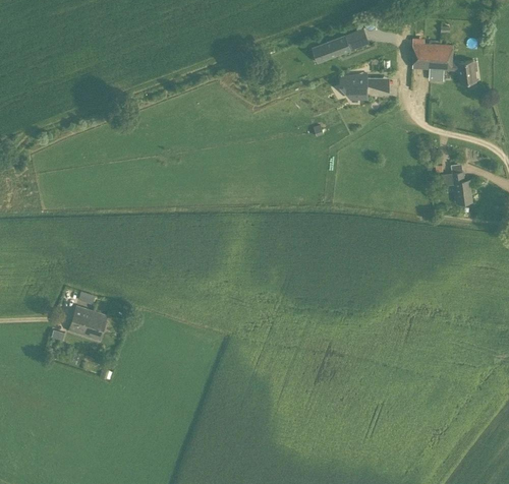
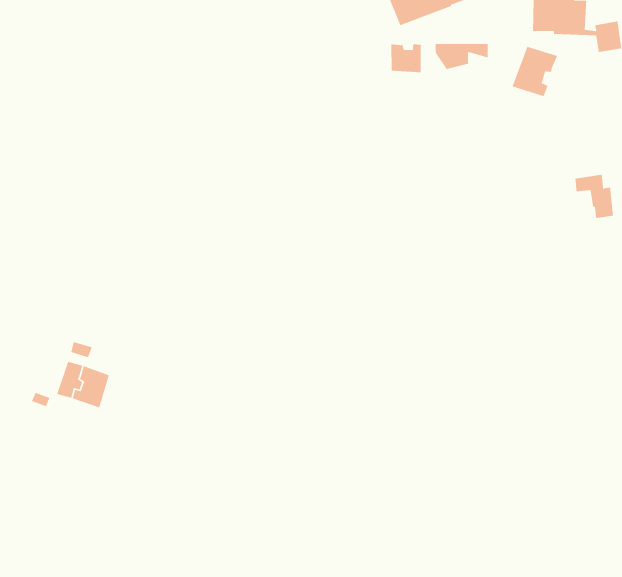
building: none -> [391,44,421,73]
building: none -> [511,46,558,97]

